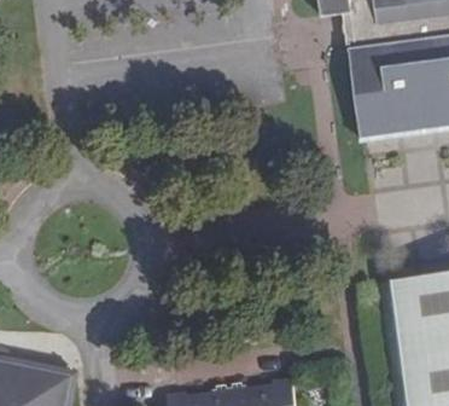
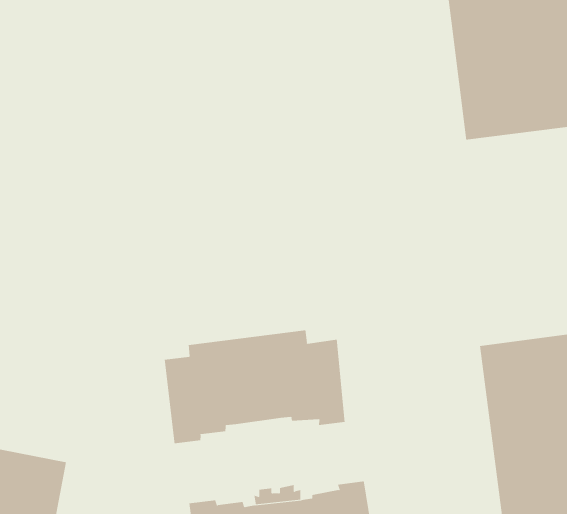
building: none -> [164,330,345,444]

